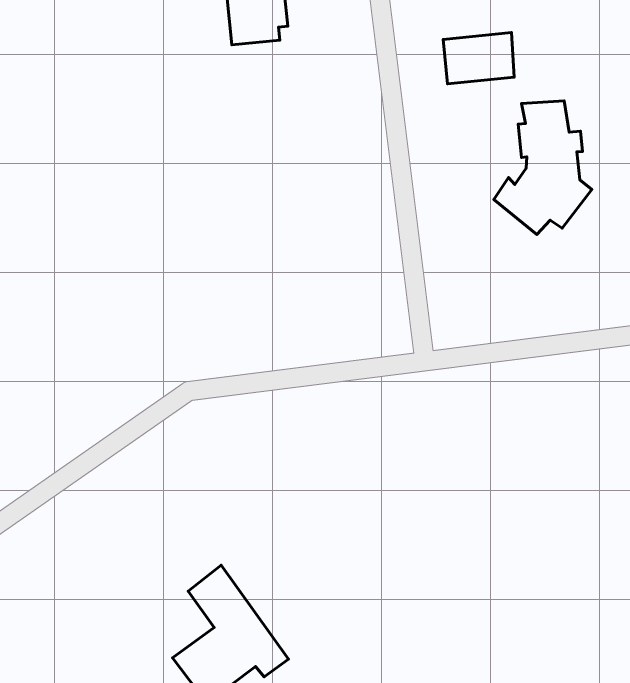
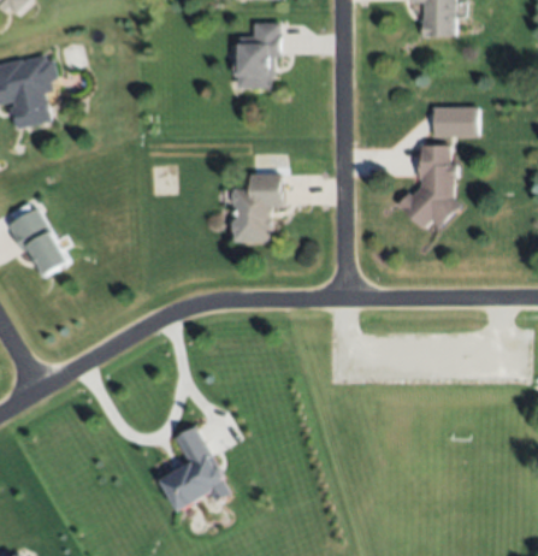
building: [443,32,514,84] -> [433,107,478,136]
building: none -> [232,175,284,242]

